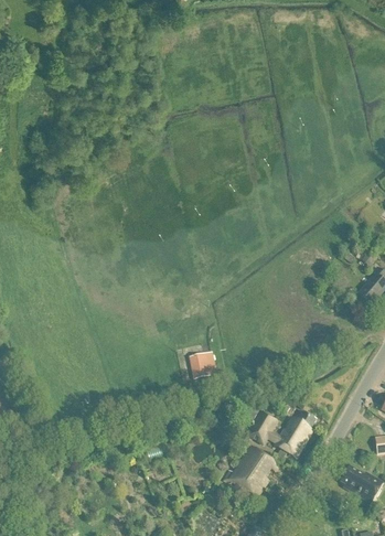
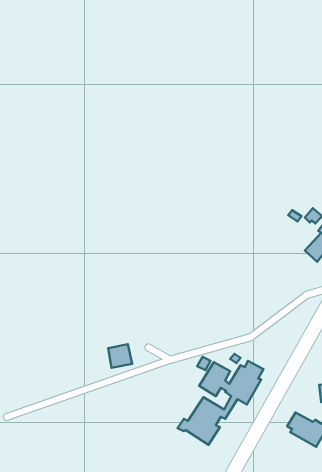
building: [191,352,216,377] -> [108,344,132,368]

